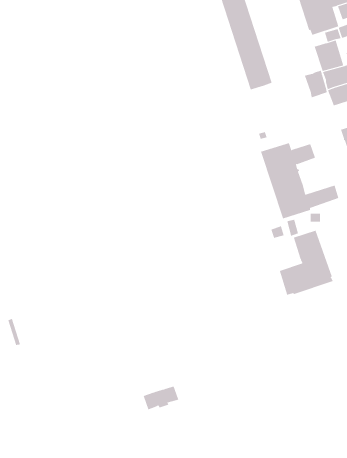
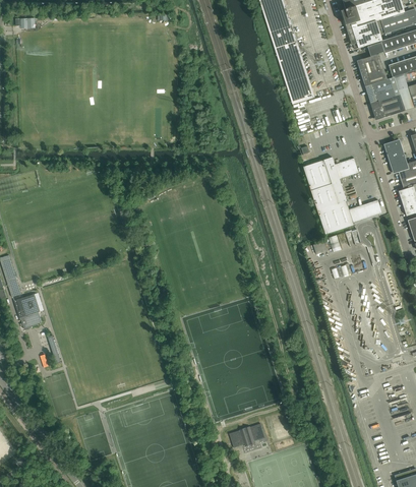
building: [304,70,327,98] -> none
building: [279,230,334,295] -> none
building: [143,386,179,410] -> [229,423,265,447]

